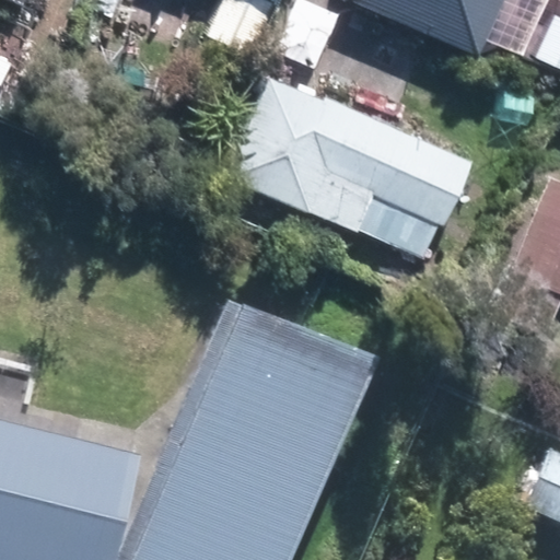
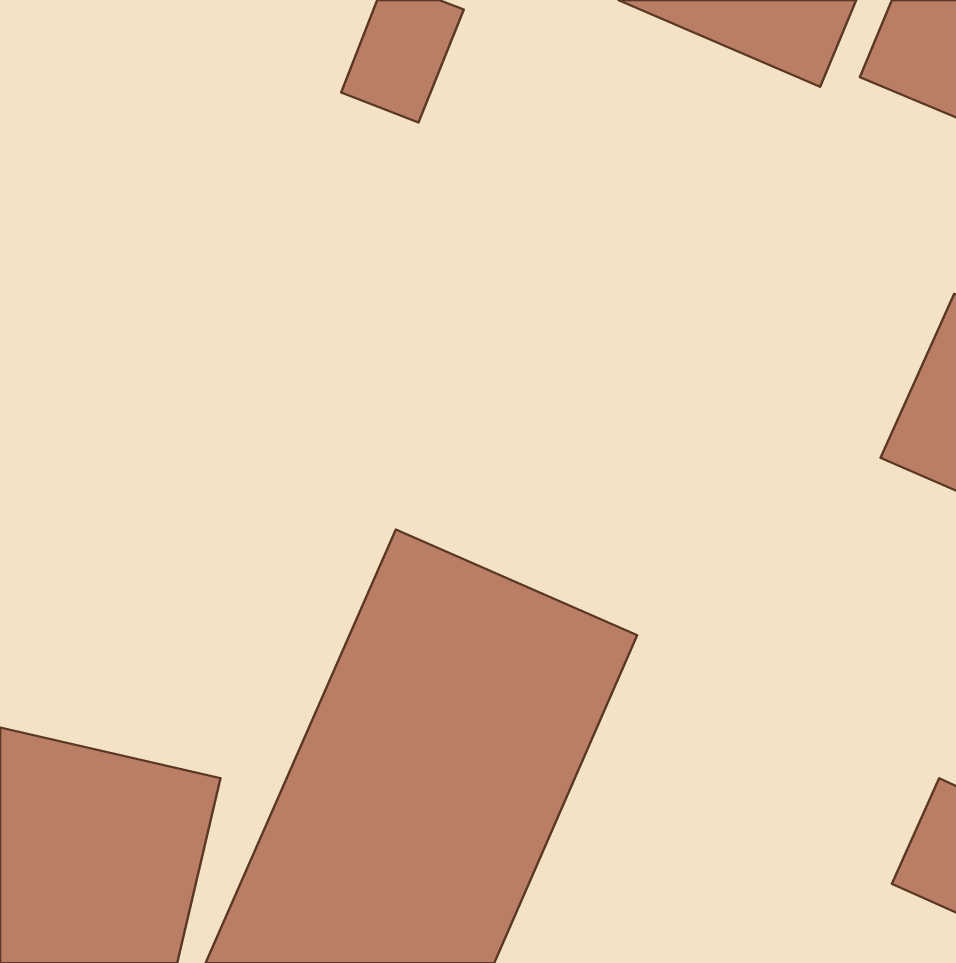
building: [249,86,470,250] -> none

